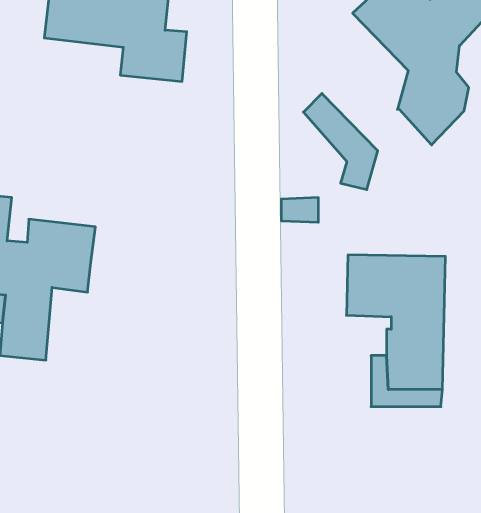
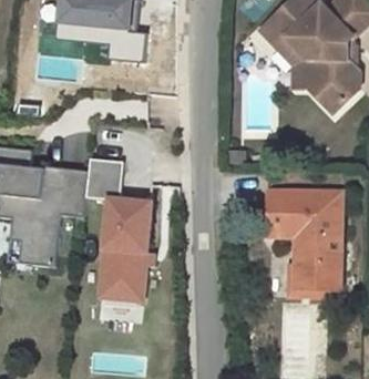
building: [303,93,378,190] -> [258,17,311,85]
building: none -> [84,154,152,298]

